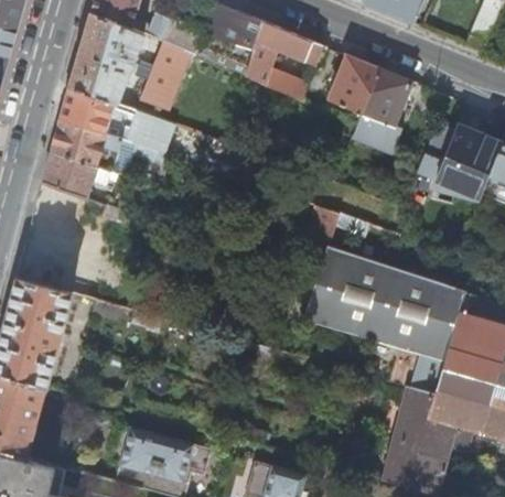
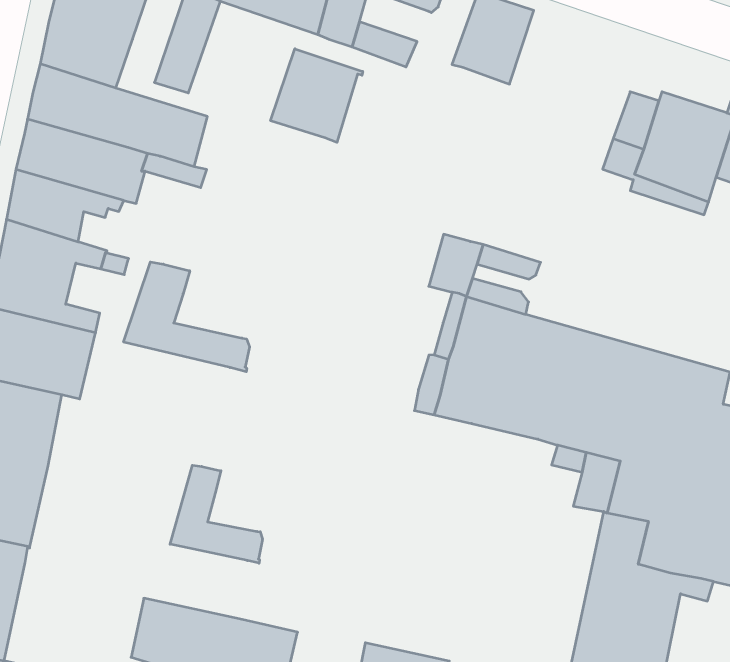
building: [353,68,412,153] -> none
building: none -> [271,49,363,142]
building: none -> [124,262,250,372]
building: none -> [170,465,262,563]

